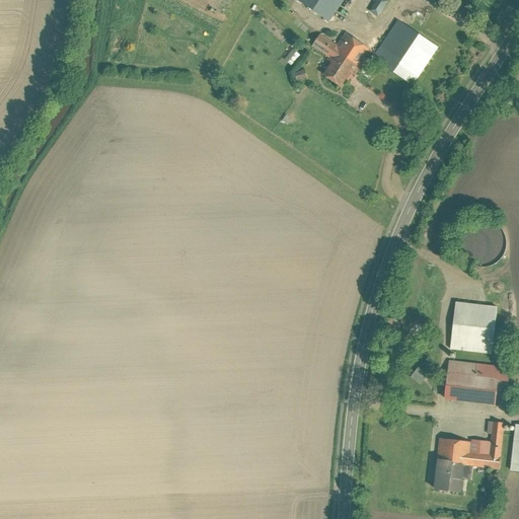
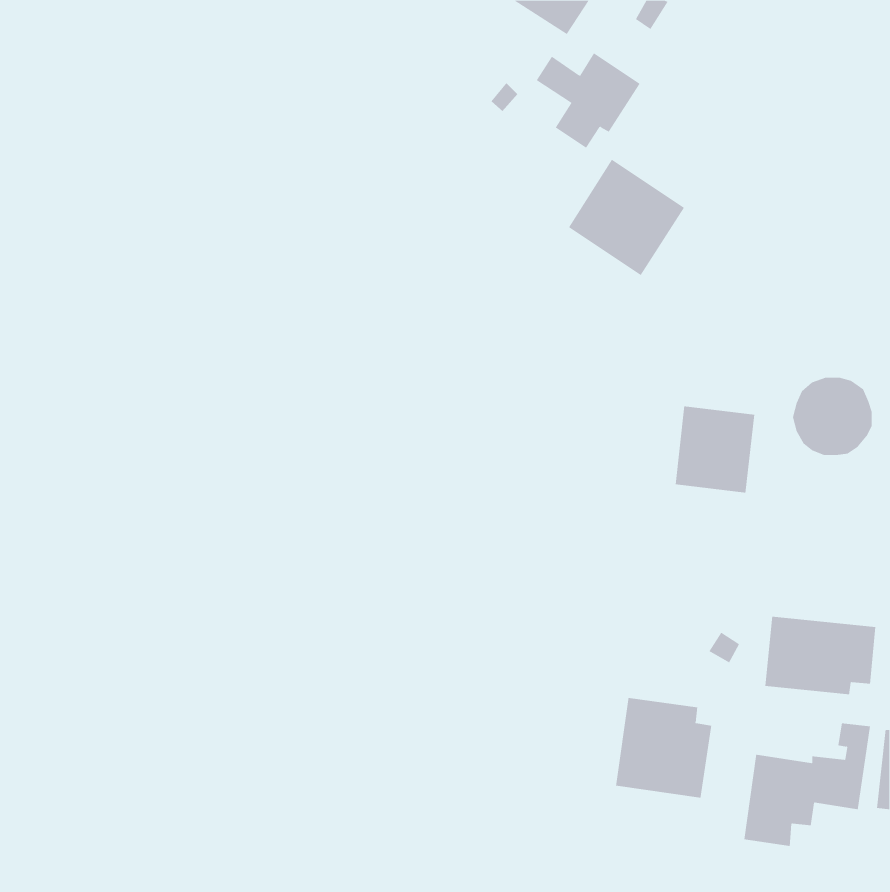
building: [372,19,440,87] -> [568,159,685,276]
building: [450,301,497,352] -> [675,406,755,493]
building: none -> [616,697,712,798]

